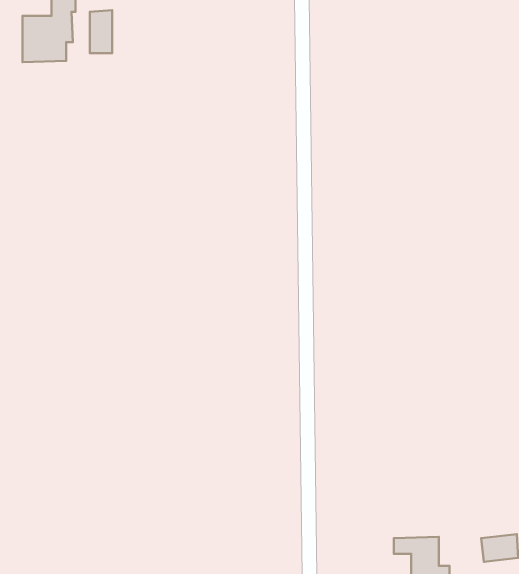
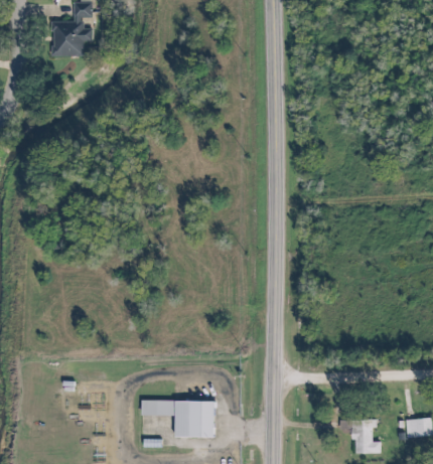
building: [90,10,112,53] -> none
building: none -> [142,401,214,438]

